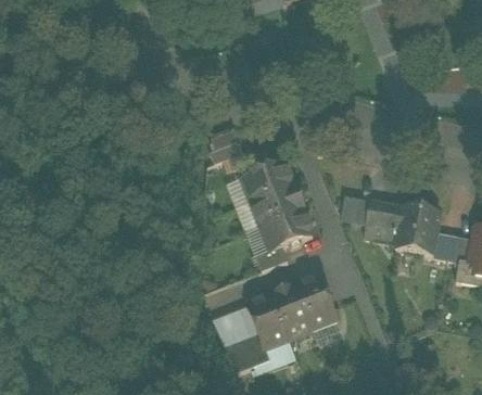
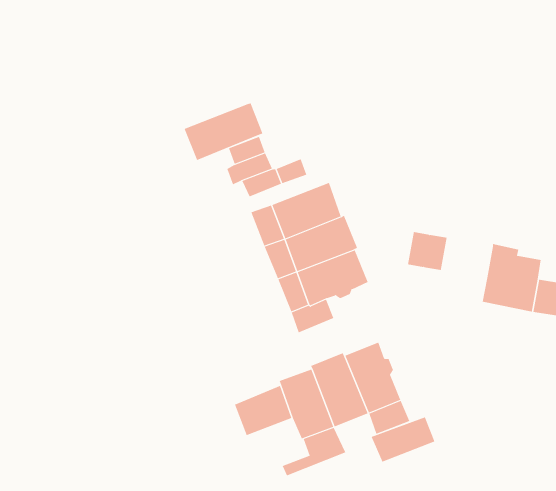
building: none -> [184,103,263,161]
building: [365,200,402,229] -> none
building: none -> [371,416,435,463]
building: [223,331,268,372] -> none

